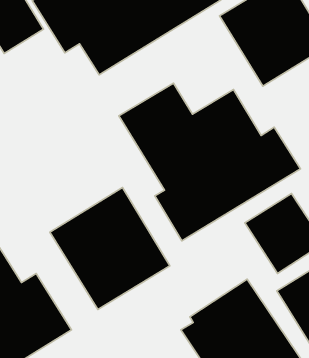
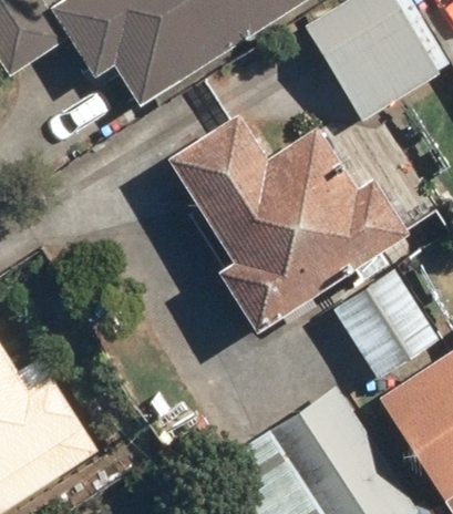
building: [50,188,170,309] -> none

